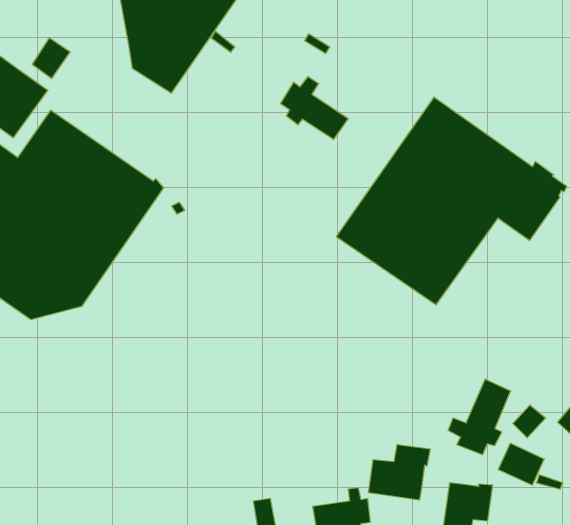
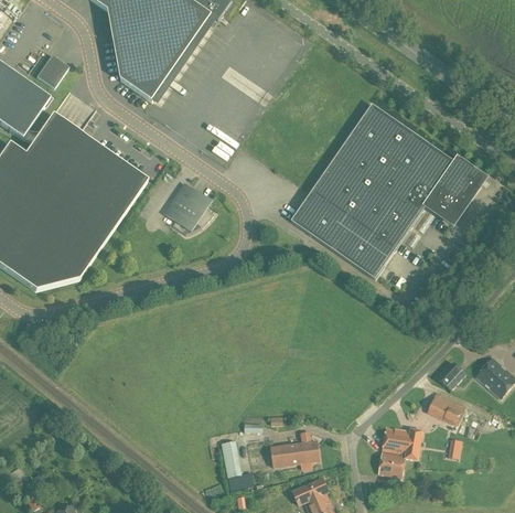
building: [280,77,348,140] -> none
building: none -> [165,183,214,234]
building: [448,379,511,455] -> none
building: [368,444,430,500] -> none

